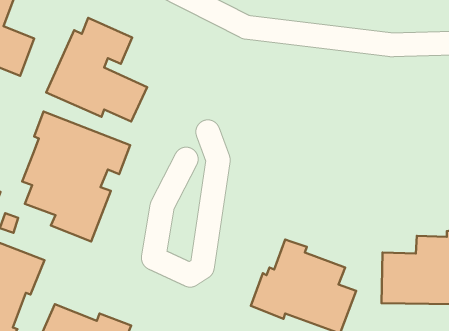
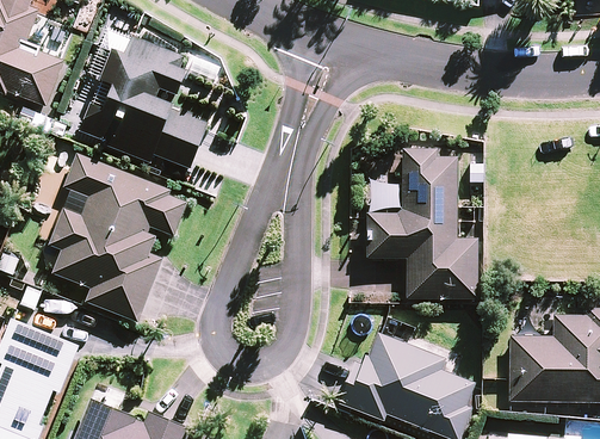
building: none -> [367,148,477,299]

